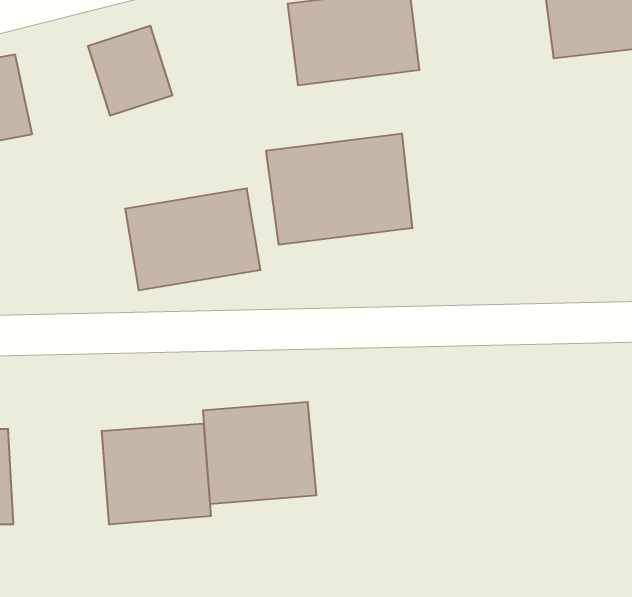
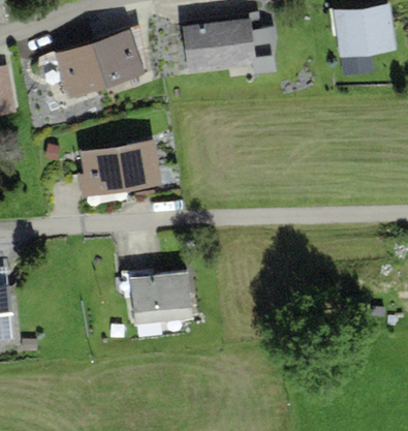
building: none -> [94,28,146,82]
building: [266,133,412,245] -> none
building: [102,424,211,525] -> none

